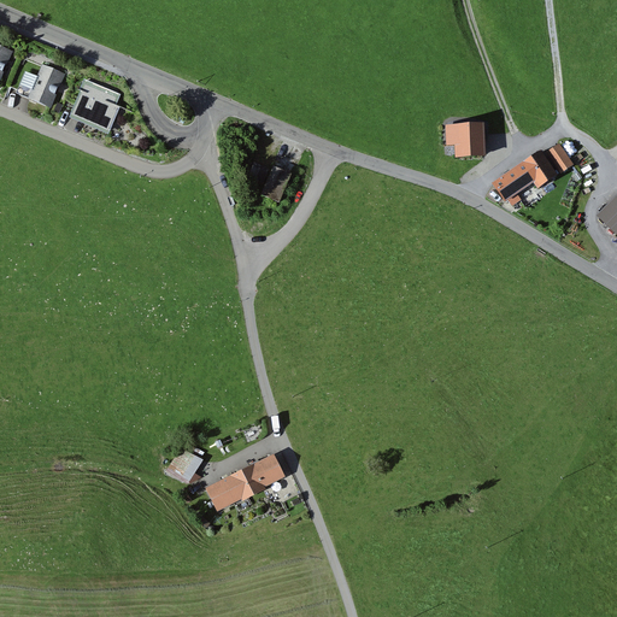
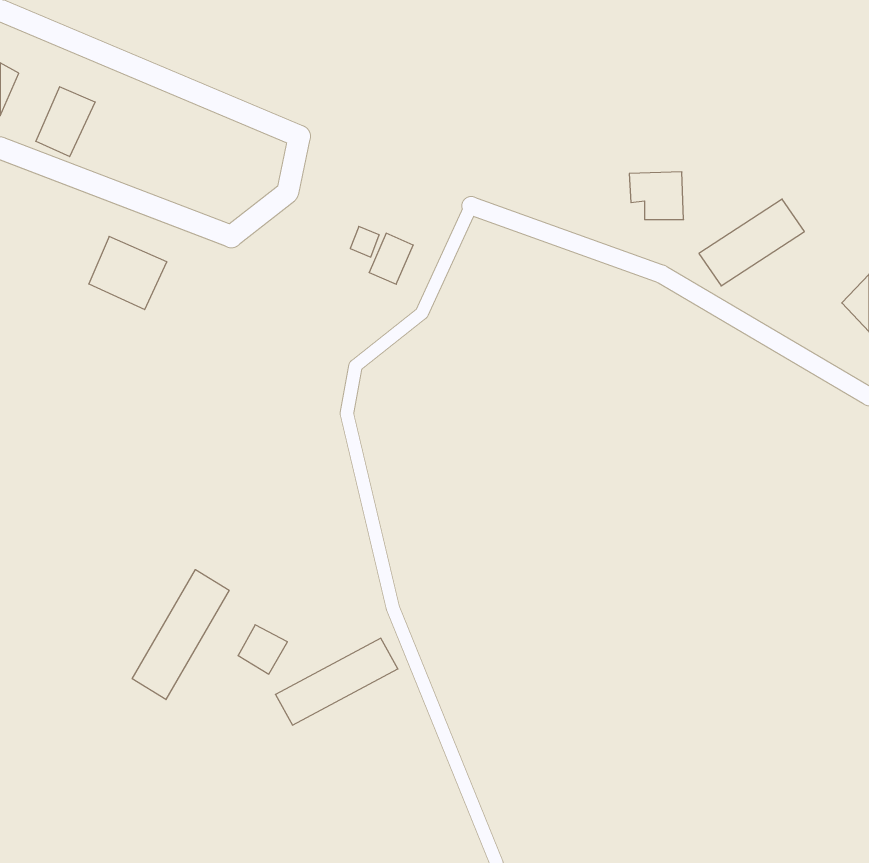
building: [70,81,125,133] -> [89,236,167,310]
building: none -> [132,570,229,700]

